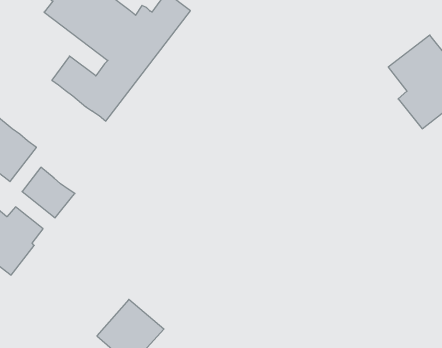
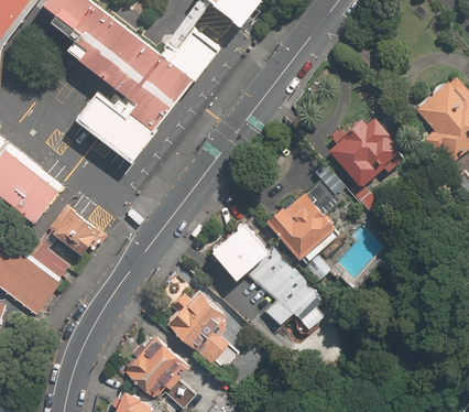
building: none -> [329,118,405,189]
building: none -> [275,189,342,263]
building: none -> [211,225,321,326]
building: none -> [170,291,228,361]

